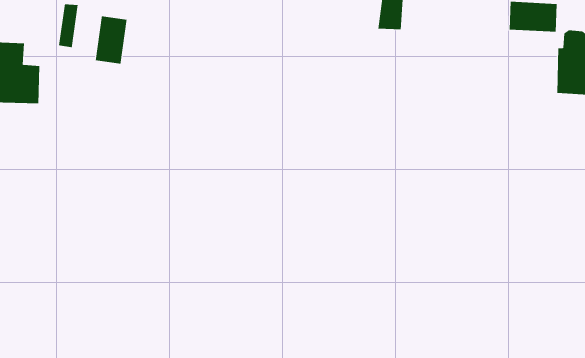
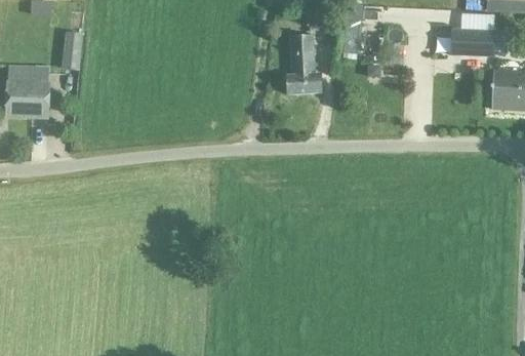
building: none -> [286,35,320,94]
building: [95,16,127,65] -> none

